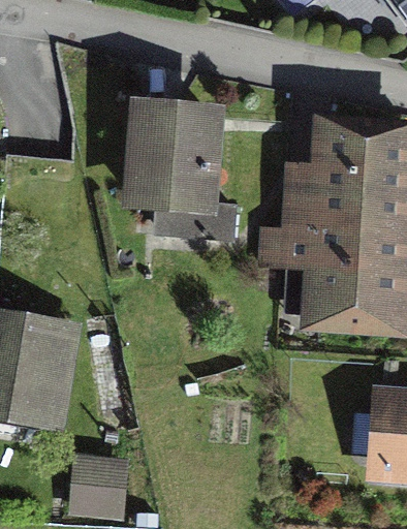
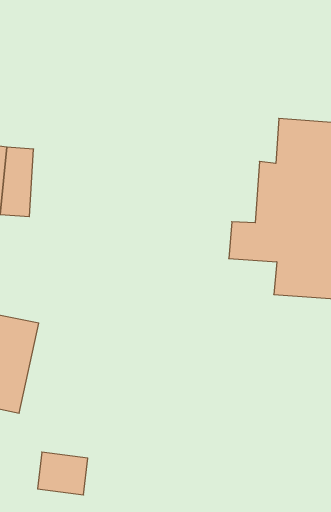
building: [126,104,230,244] -> none

